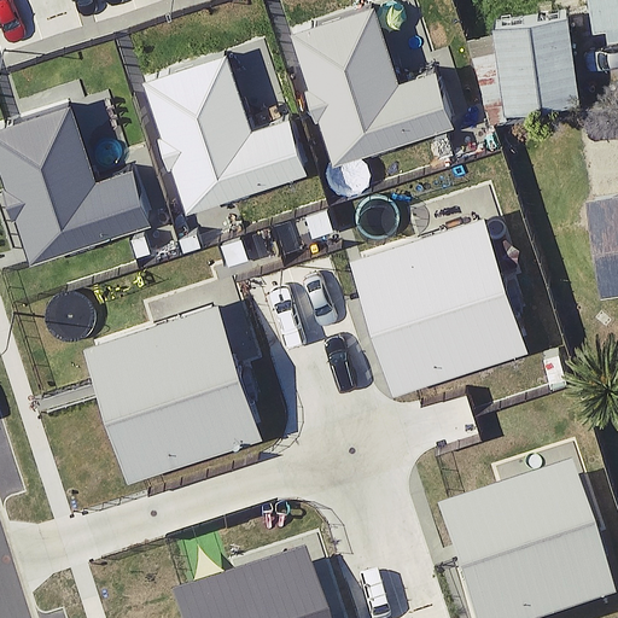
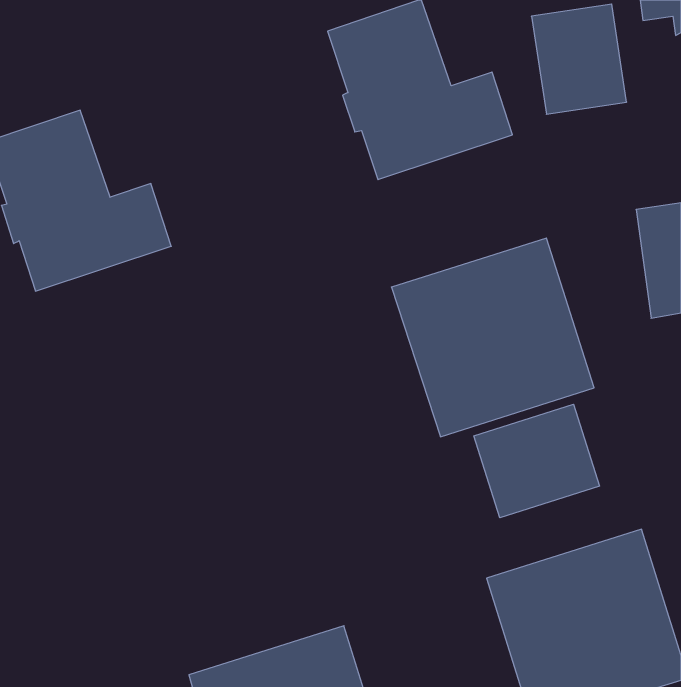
building: [144,54,308,214] -> none
building: [84,305,264,482] -> none
building: none -> [474,404,599,518]

